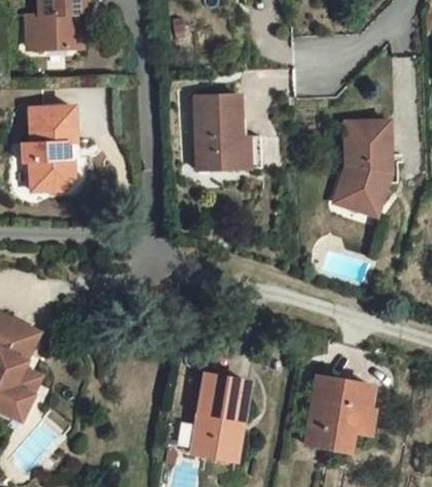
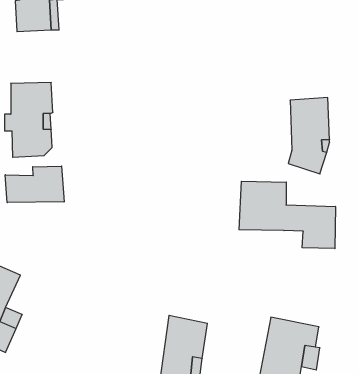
building: [196,95,263,171] -> none
building: none -> [5,166,64,203]
building: none -> [239,181,335,249]

